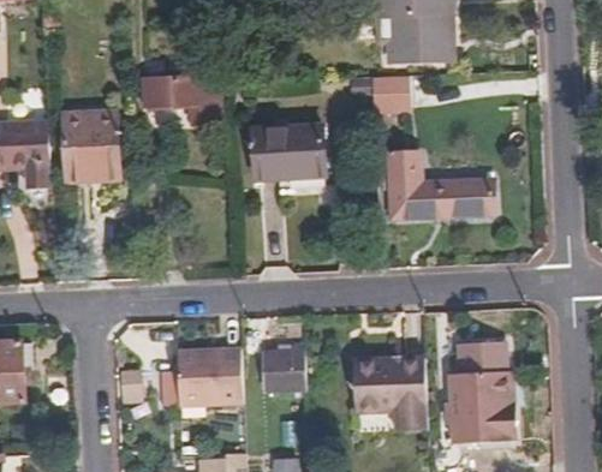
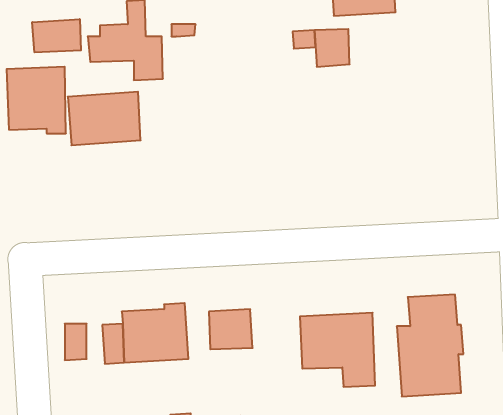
building: none -> [32,19,81,52]
building: [251,125,323,178] -> [68,92,141,145]
building: [388,153,491,219] -> none

